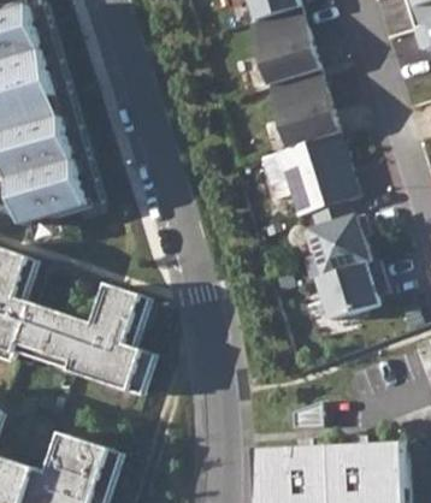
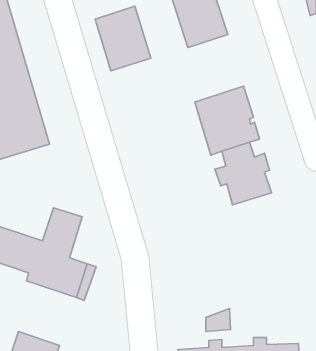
building: [270,71,337,149] -> [95,6,151,71]
building: [317,261,386,321] -> none

